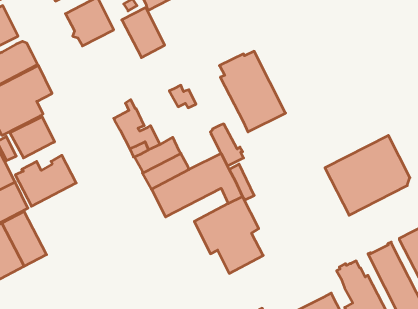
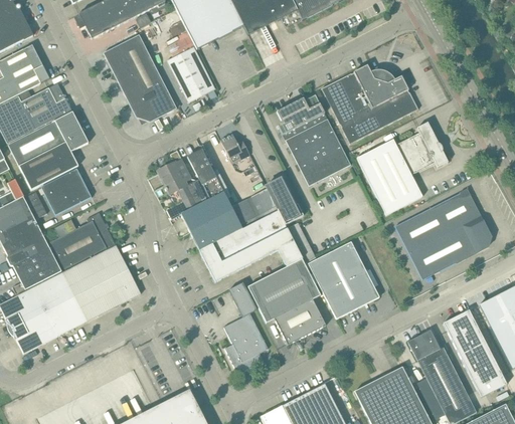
building: none -> [321,65,417,144]
building: none -> [122,71,176,124]
building: none -> [356,123,448,215]
building: none -> [187,149,223,200]
building: none -> [230,188,276,225]
building: none -> [307,241,379,319]
building: none -> [56,245,140,324]
building: none -> [223,282,268,373]

